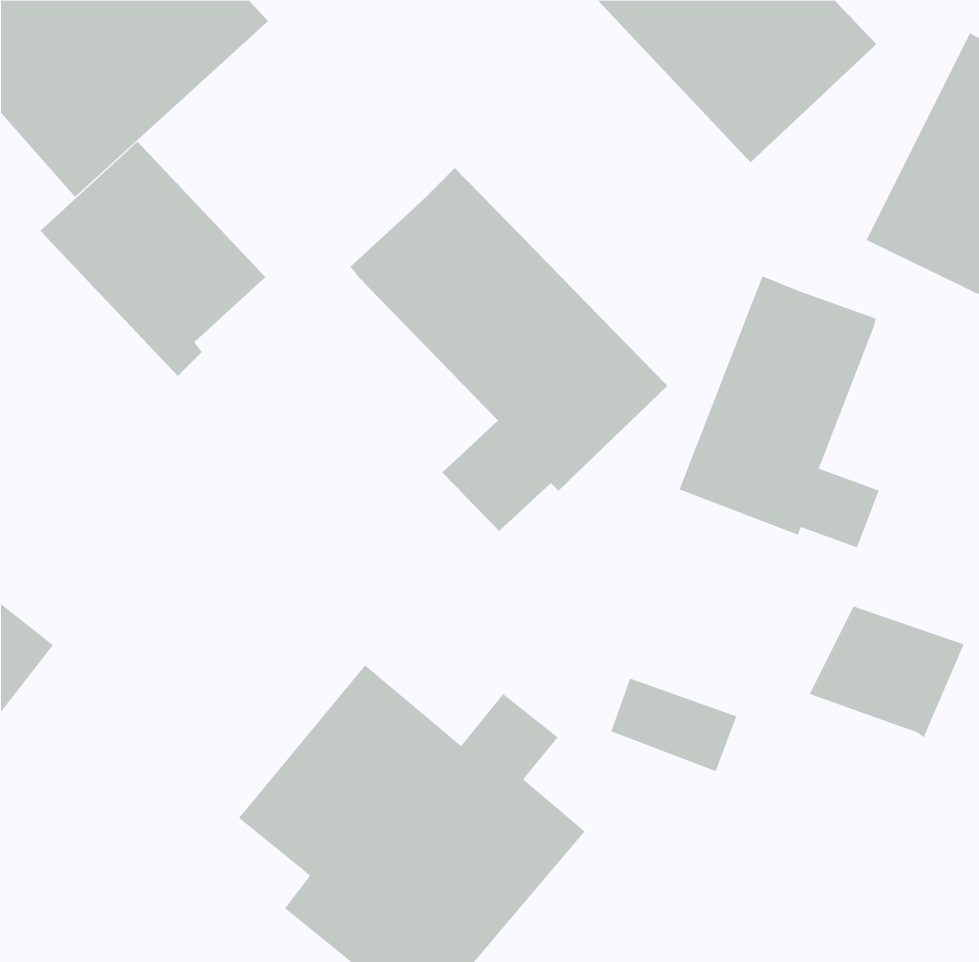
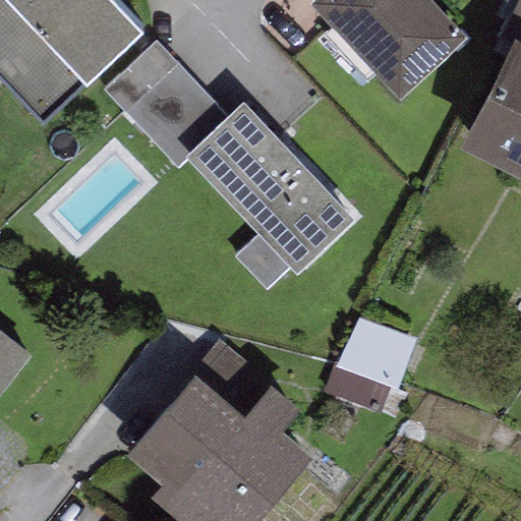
building: [40,141,266,377] -> [104,45,224,170]
building: [679,275,879,548] -> none
building: [809,606,964,738] -> [335,323,417,393]

